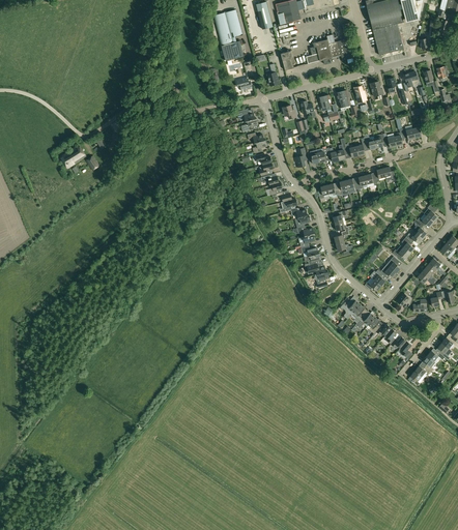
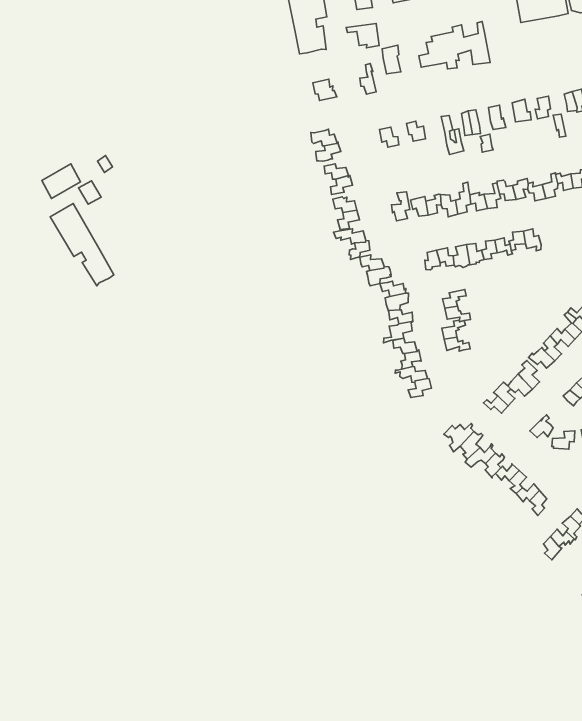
building: [372,23,403,55] -> none
building: none -> [50,204,114,286]

